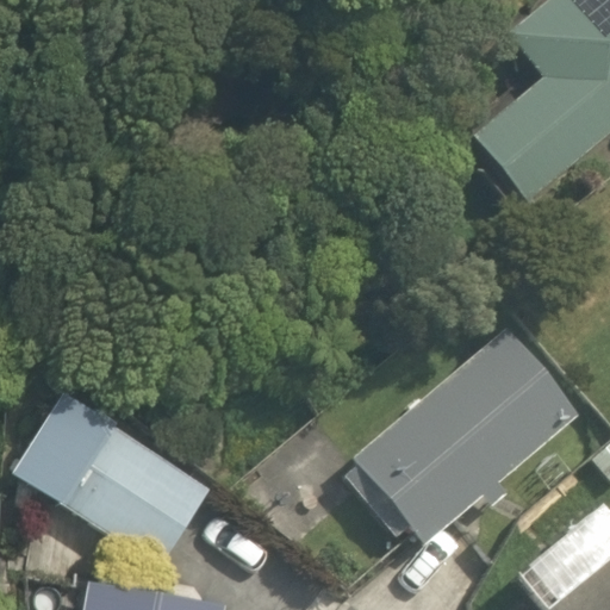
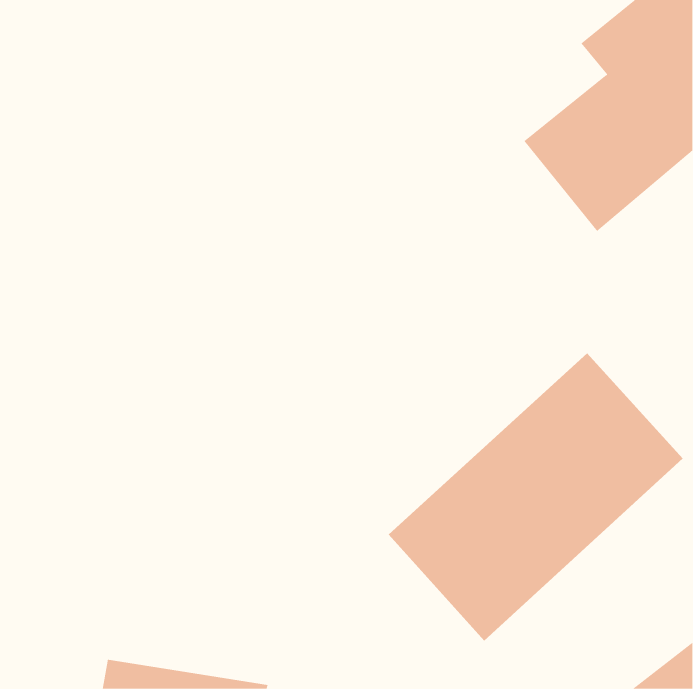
building: [13,399,189,555] -> none

